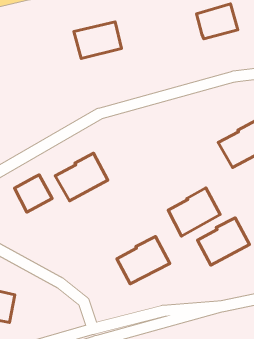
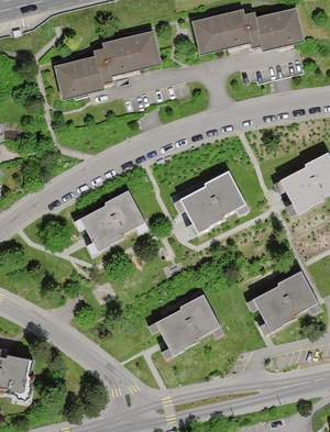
building: none -> [192,9,261,54]
building: none -> [54,46,112,98]
building: [14,175,52,212] -> none
building: [168,188,220,236] -> [182,171,245,231]

